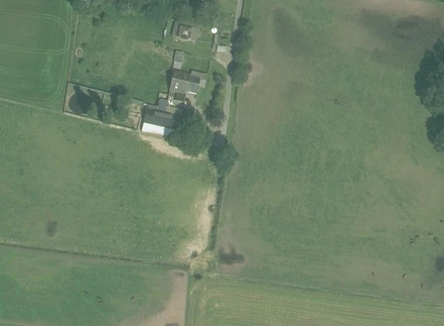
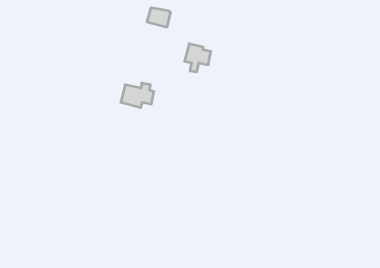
building: [168,69,198,101] -> [185,44,211,72]

